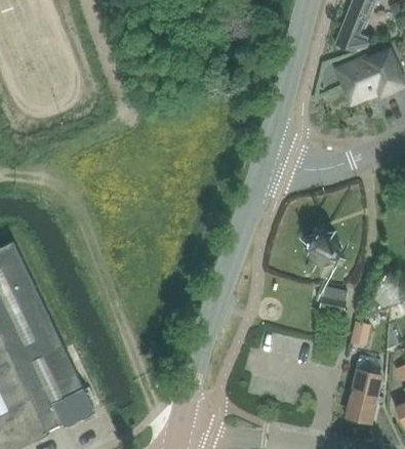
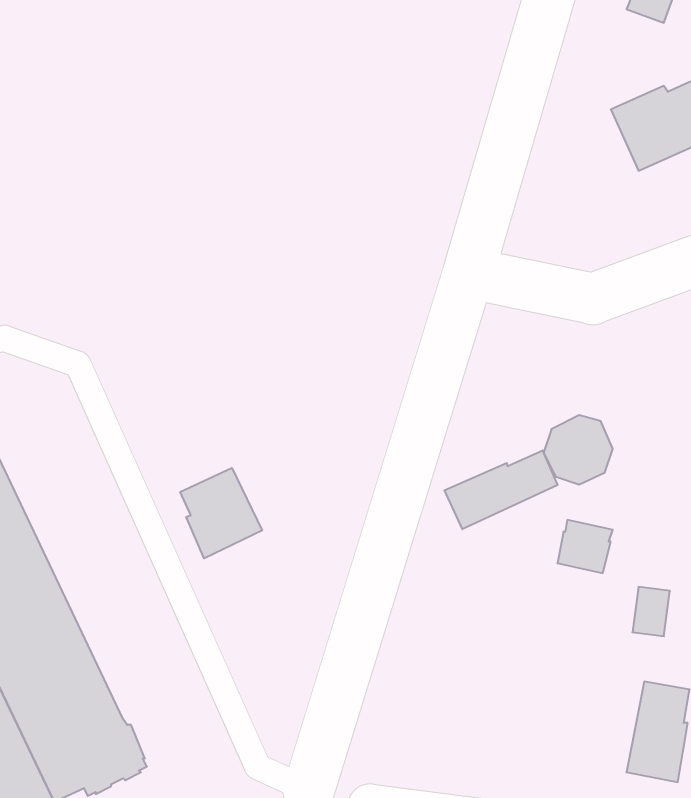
building: [334,18,369,52] -> none
building: none -> [444,450,558,529]
building: none -> [180,468,262,558]

